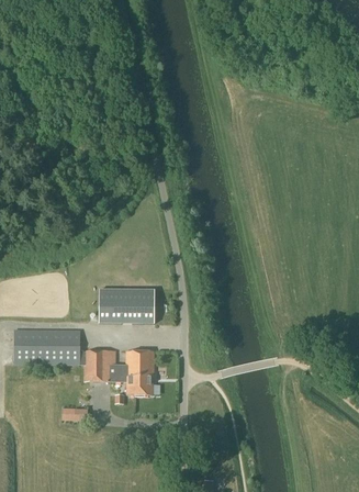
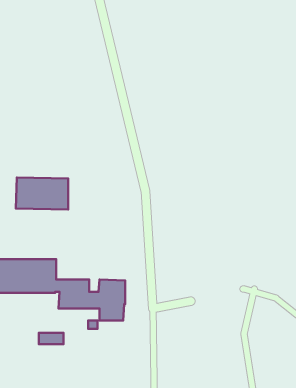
building: [99,288,155,322] -> [16,178,68,209]

